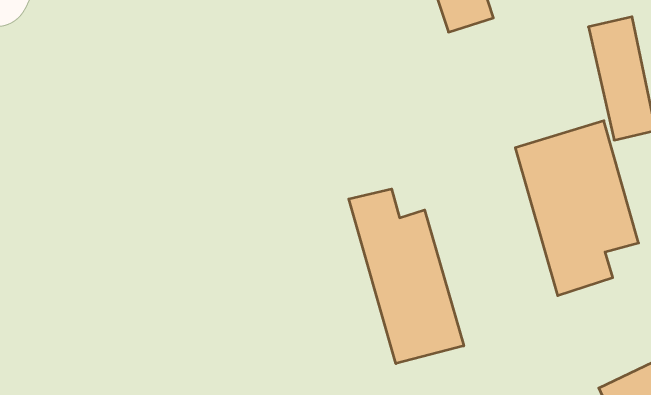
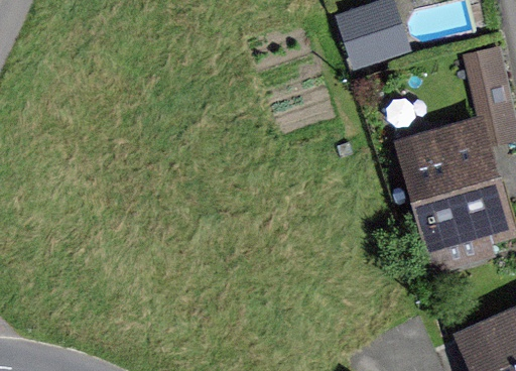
building: [349,189,464,364] -> none

